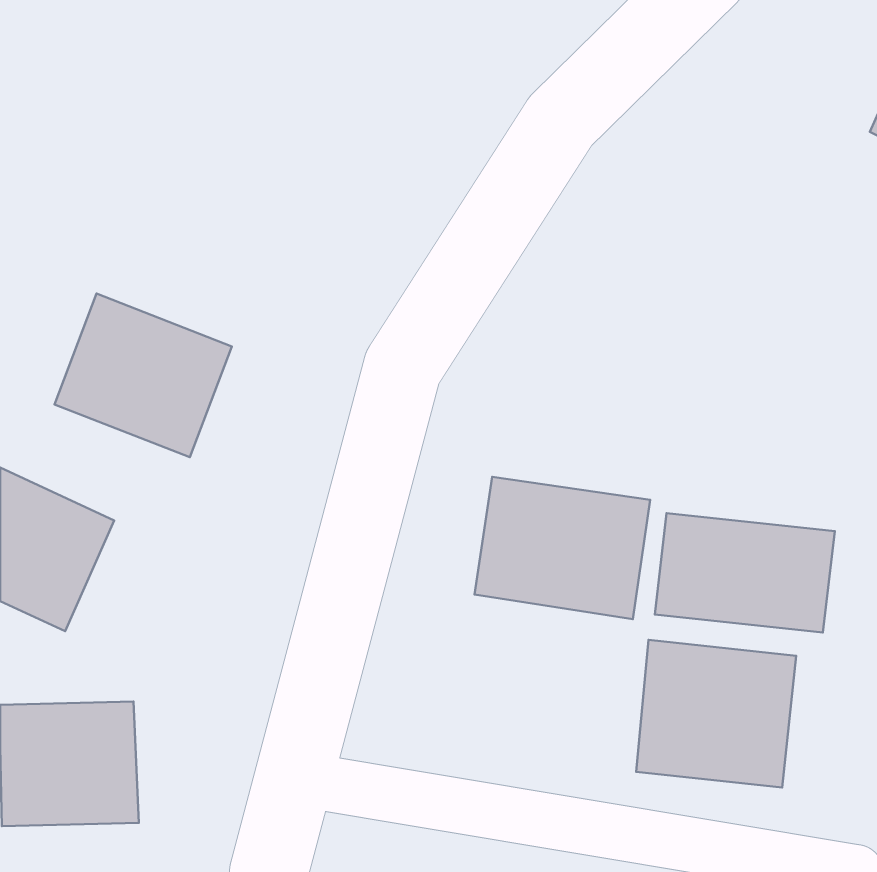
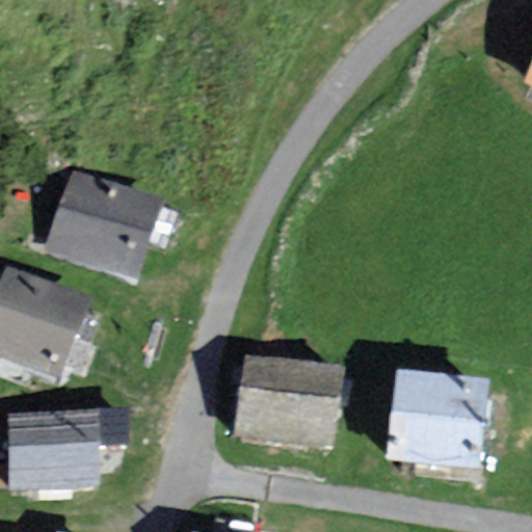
building: [475,477,650,619] -> [237,361,341,445]
building: [655,513,835,632] -> none

